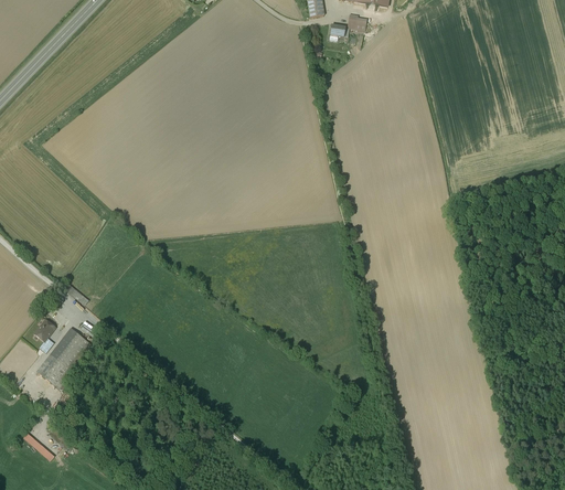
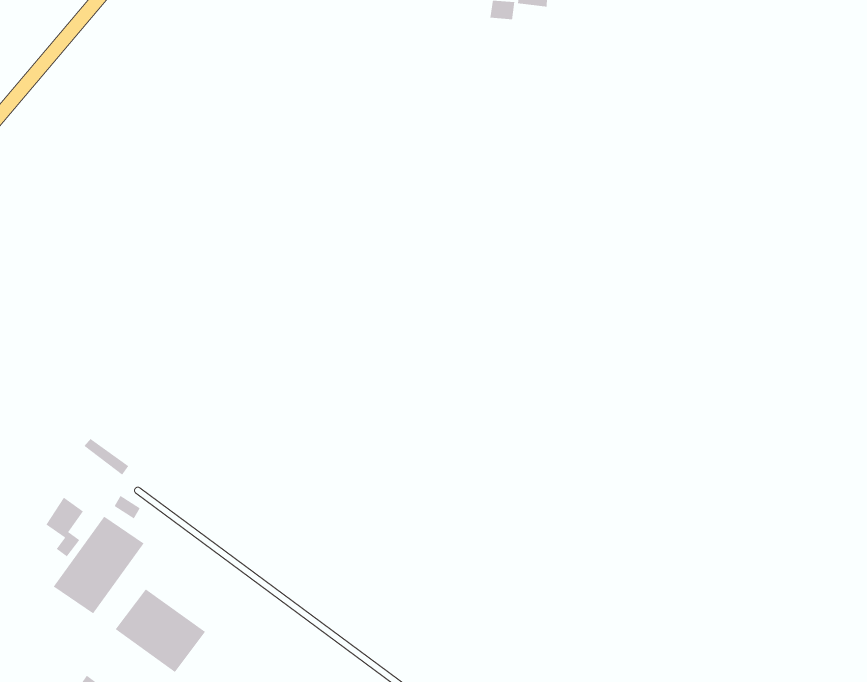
building: none -> [115,588,206,673]

